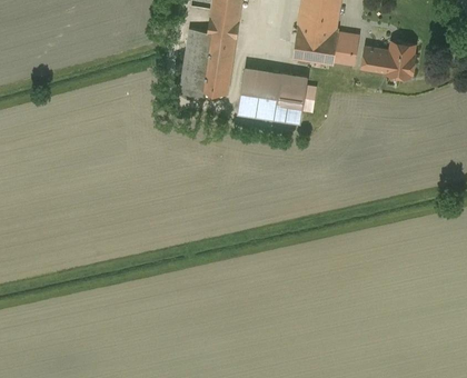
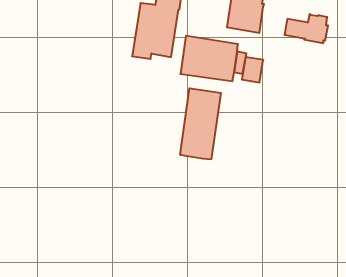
building: [332,33,358,63] -> [242,57,263,82]
building: none -> [180,88,221,159]

